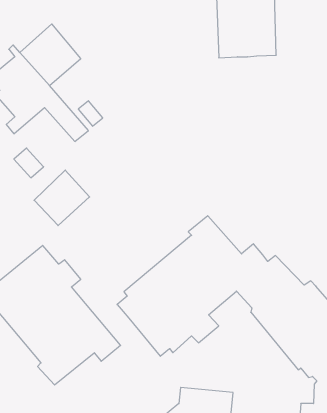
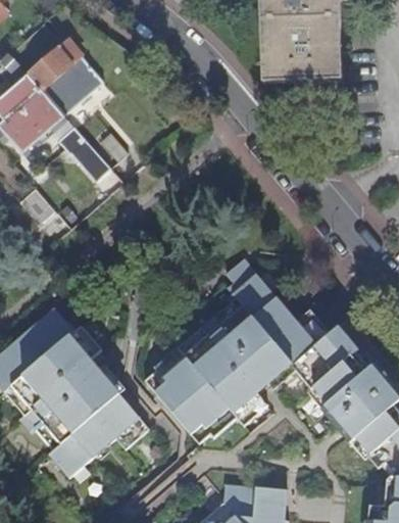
building: [34,170,90,226] -> none

